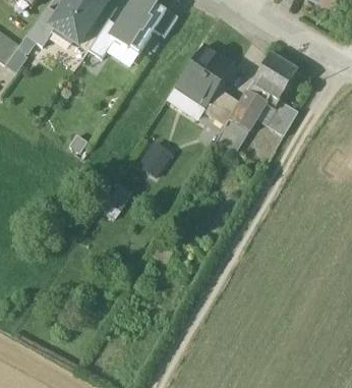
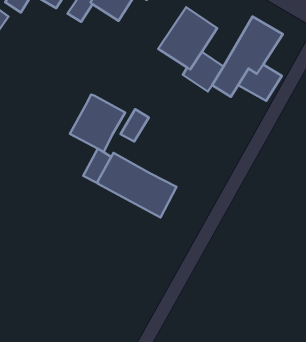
building: [217,119,247,151] -> none
building: none -> [70,94,125,152]
building: none -> [97,153,177,218]

